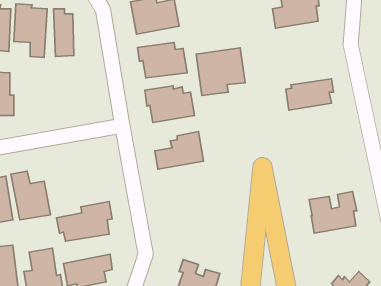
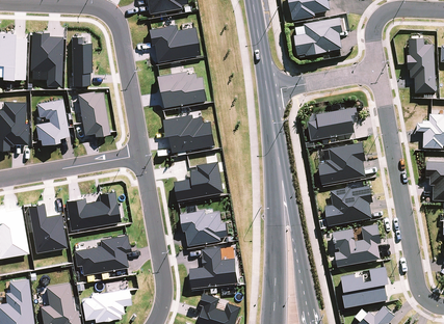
building: [196,48,245,95] -> none
building: none -> [77,90,108,137]
building: none -> [35,98,69,144]
building: none -> [318,142,365,184]
building: none -> [324,185,372,225]
building: none -> [64,190,120,230]
building: none -> [180,209,228,246]
building: none -> [188,247,238,289]
building: none -> [340,266,388,306]

